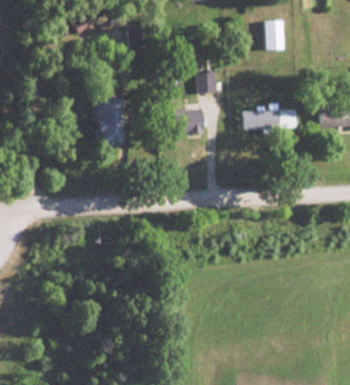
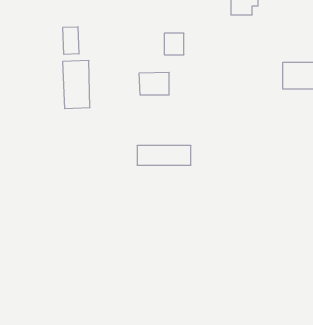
building: none -> [63,27,79,54]
building: [241,110,296,130] -> [137,146,191,165]

